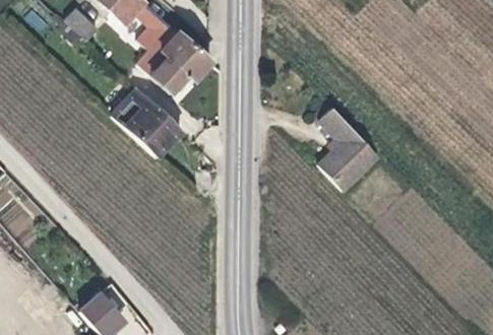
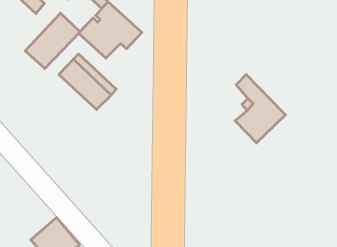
building: none -> [25,13,80,69]

